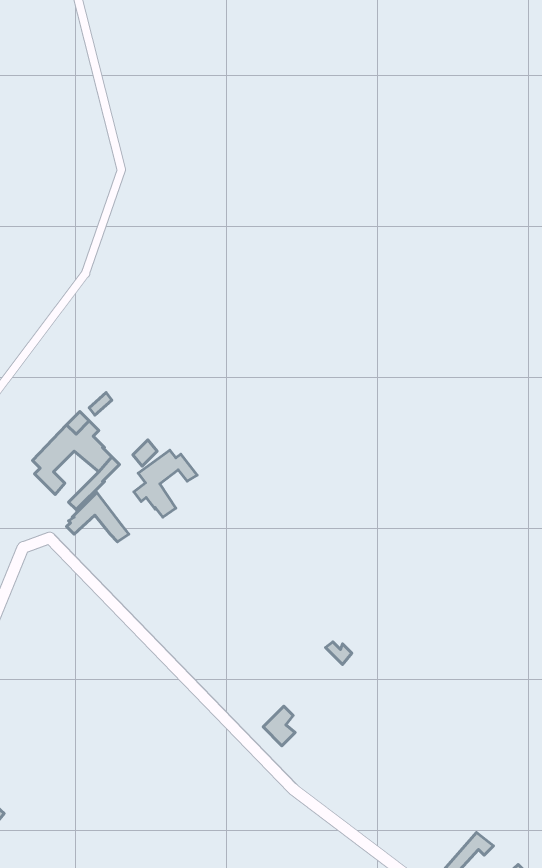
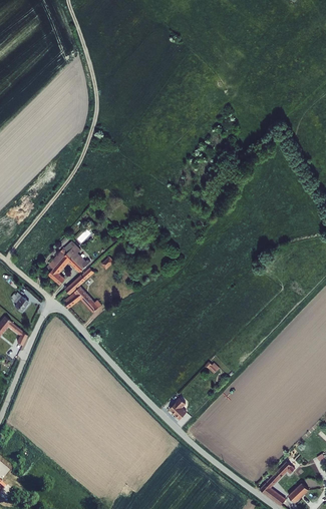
building: [134,450,197,517] -> none

